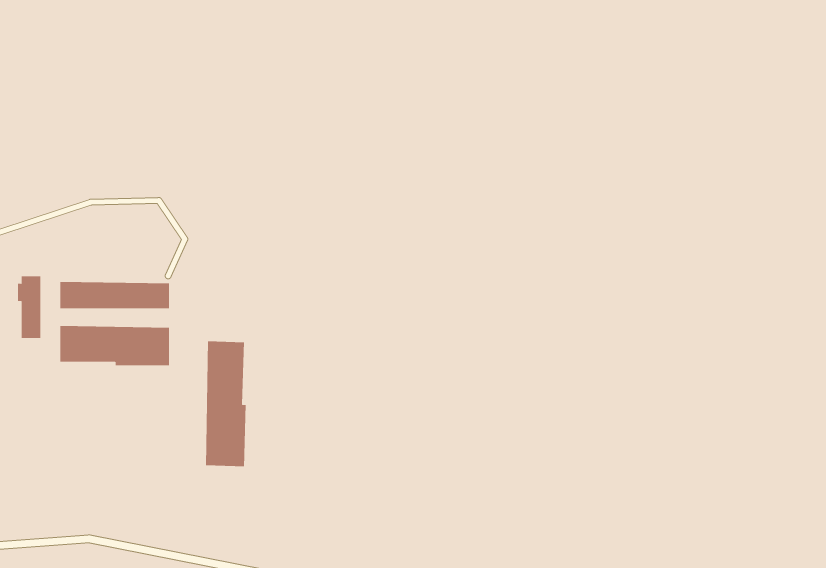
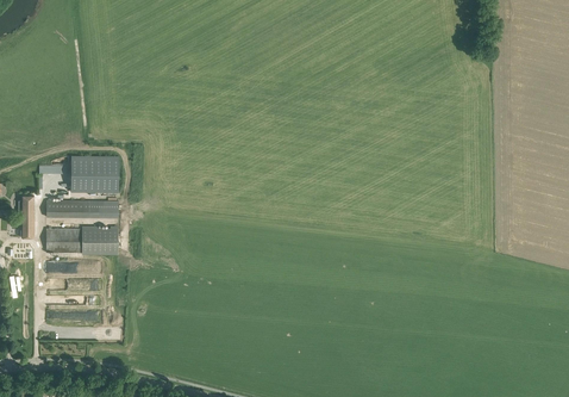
building: none -> [70,155,118,192]
building: [206,340,246,467] -> none

